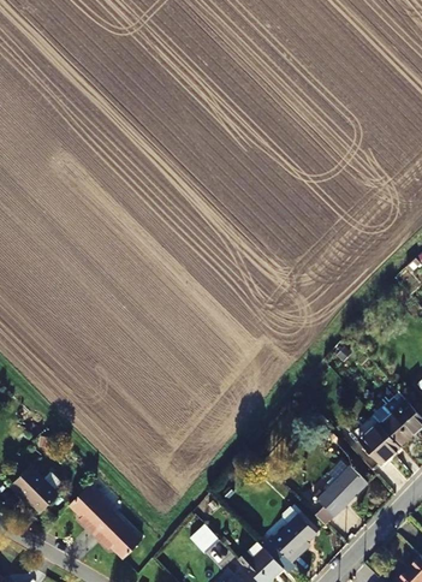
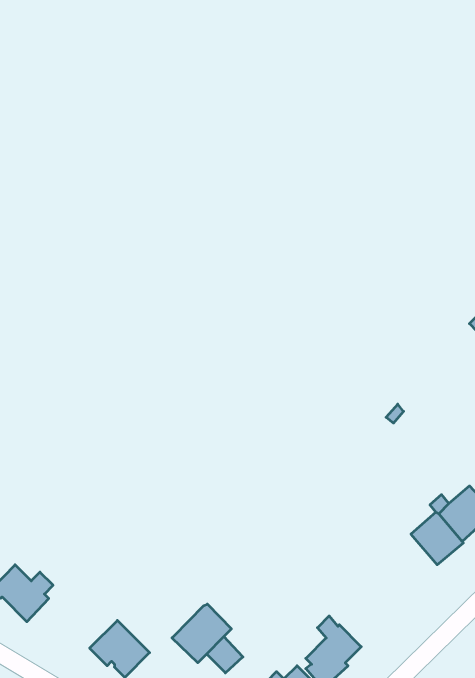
building: [314,467,368,527] -> none
building: [69,485,115,534] -> none
building: none -> [172,604,231,663]

